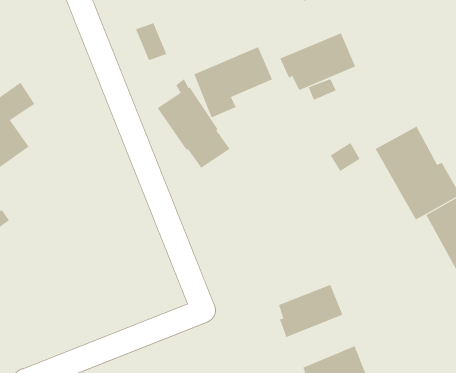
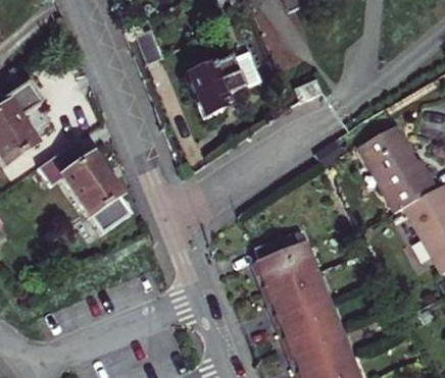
building: [279,33,356,91] -> none
building: [157,78,231,169] -> [62,148,131,231]
building: none -> [254,232,316,289]
building: none -> [275,299,339,347]

